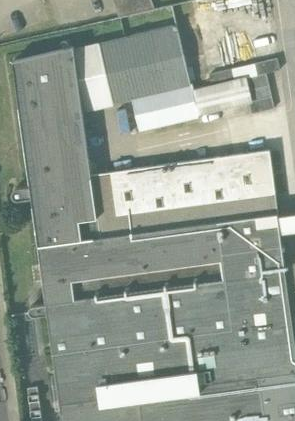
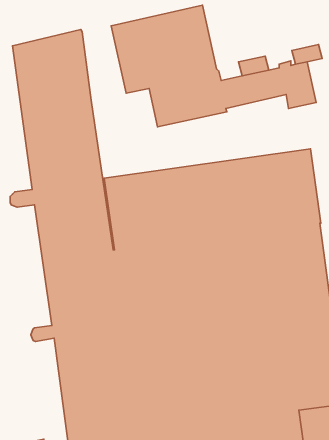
building: [72,44,110,108] -> none

